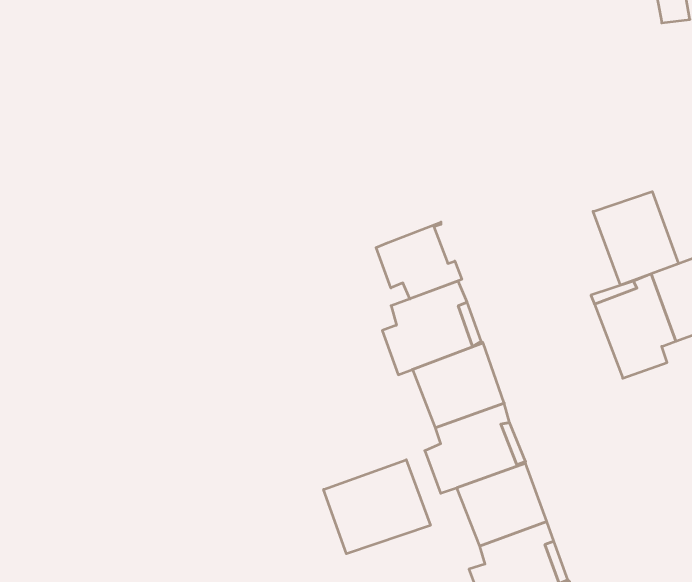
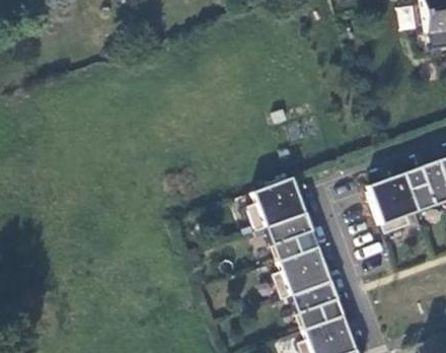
building: [593,192,679,285] -> none
building: [376,222,462,299] -> none
building: [324,460,430,554] -> none

